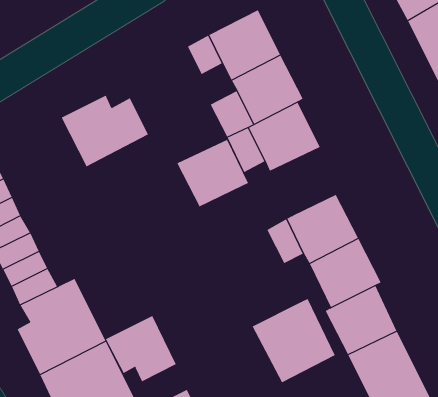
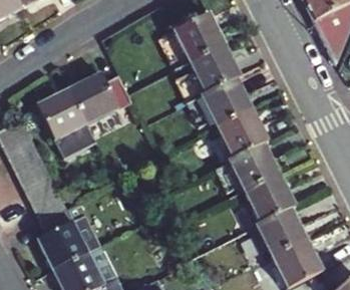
building: none -> [37,88,94,154]
building: [176,139,249,207] -> [217,109,268,158]
building: [252,298,336,383] -> none
building: [105,315,176,382] -> none

